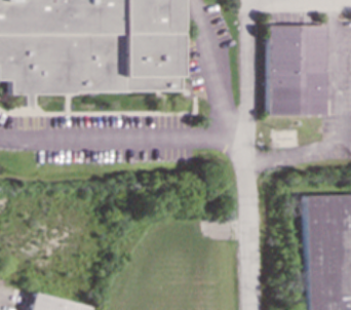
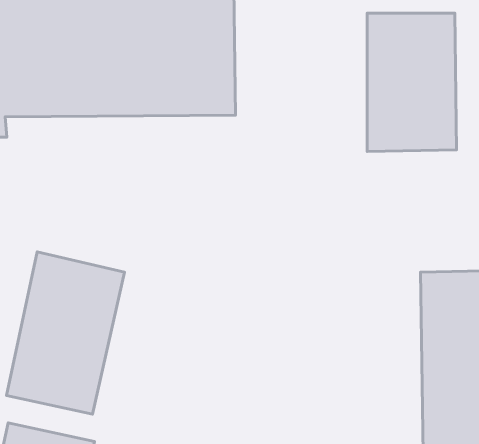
building: none -> [7,252,125,414]

